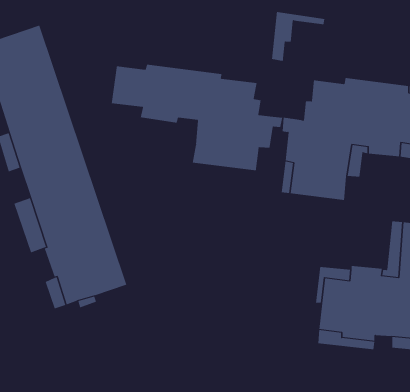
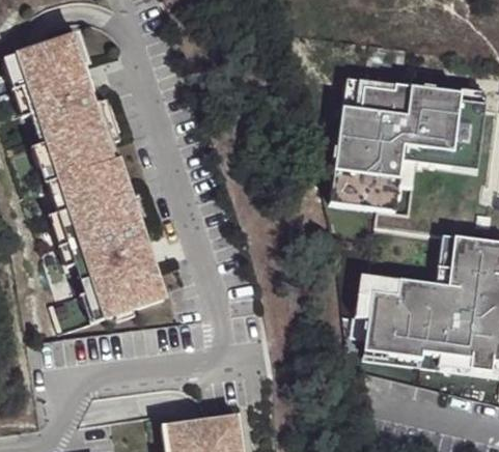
building: [271,12,325,61] -> [335,79,390,130]
building: [111,64,283,171] -> none

